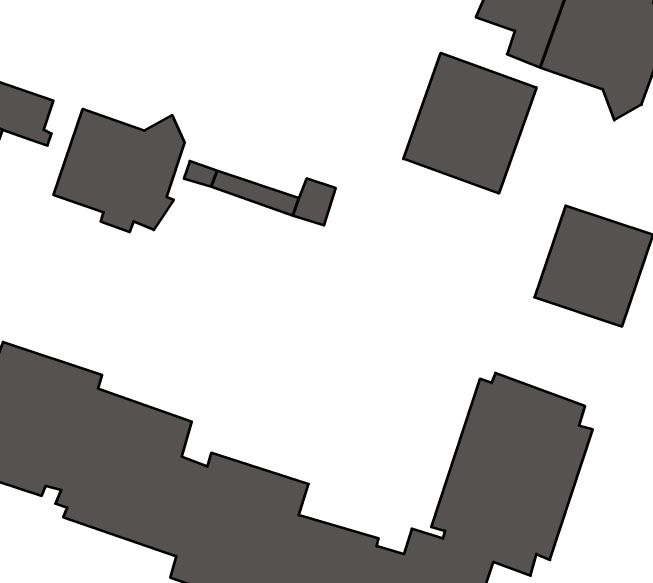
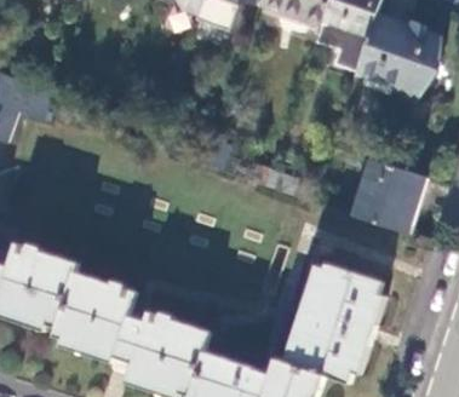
building: [403,53,536,193] -> none
building: [54,109,184,232] -> none

